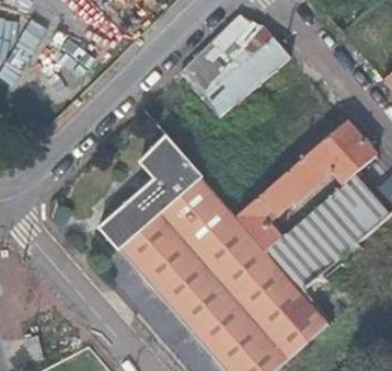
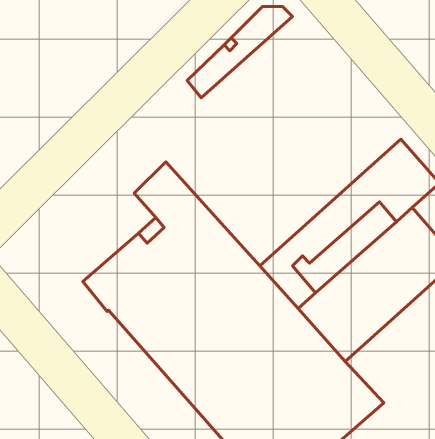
building: [204,37,289,118] -> none

